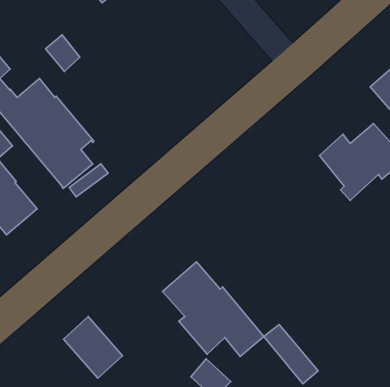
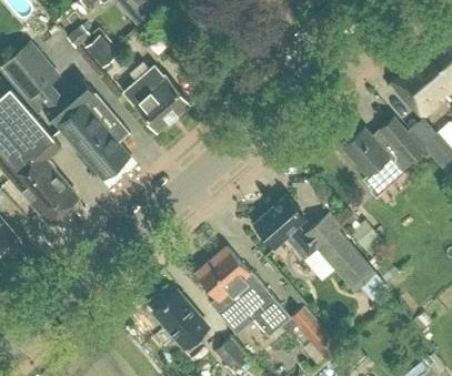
building: none -> [123,62,189,131]
building: none -> [253,196,375,292]
building: [63,317,122,378] -> [152,291,208,348]

